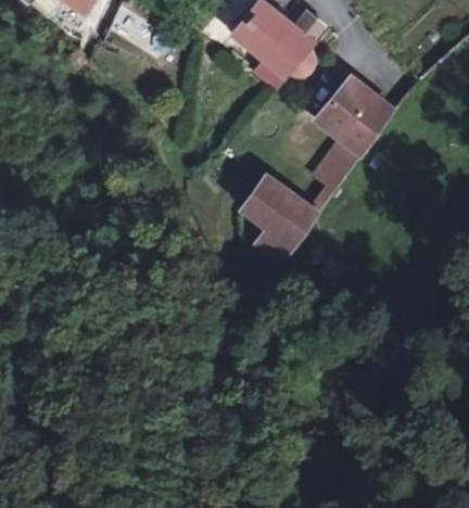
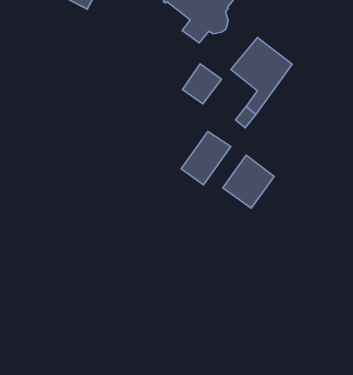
building: [241,175,289,224] -> [183,64,222,104]
building: none -> [223,155,274,208]

